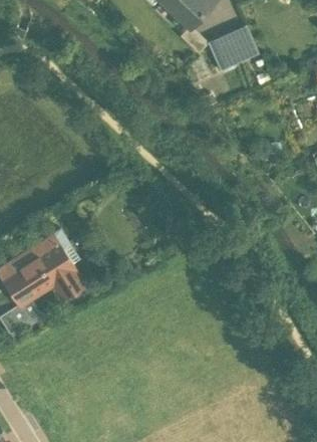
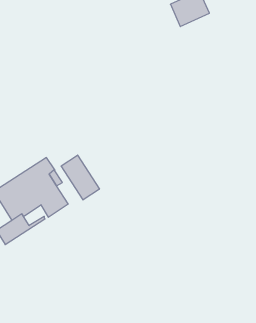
building: none -> [61,155,99,200]

